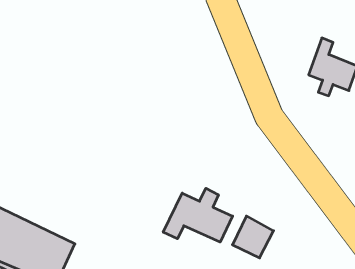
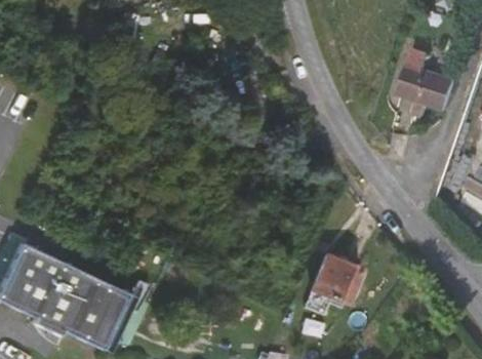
building: [163,188,233,242] -> none

